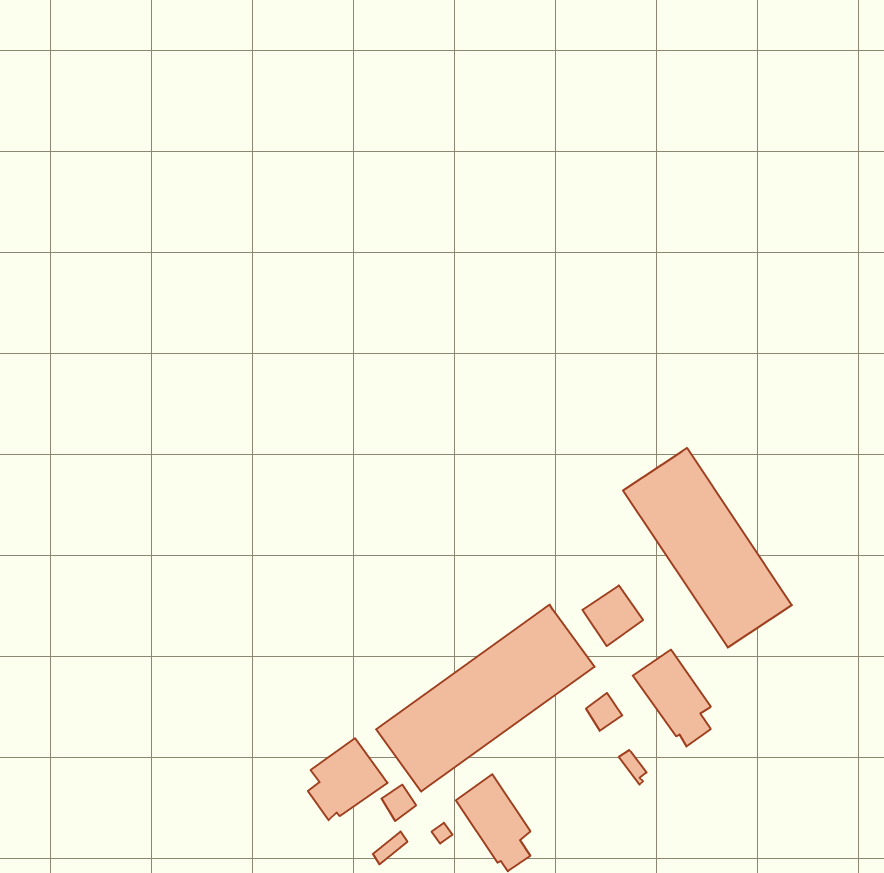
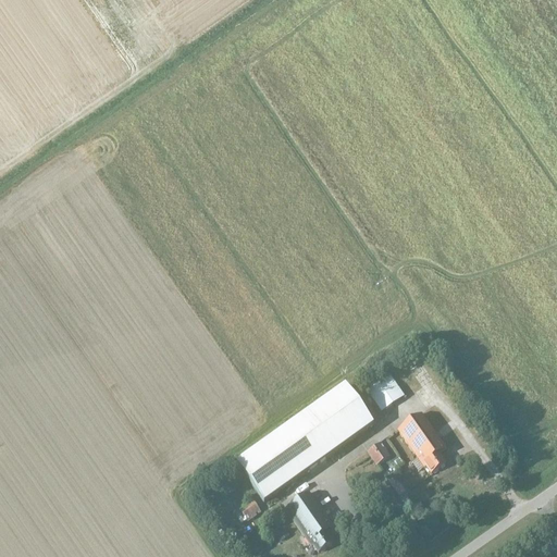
building: [623,448,792,648] -> none
building: [308,738,388,820] -> none

